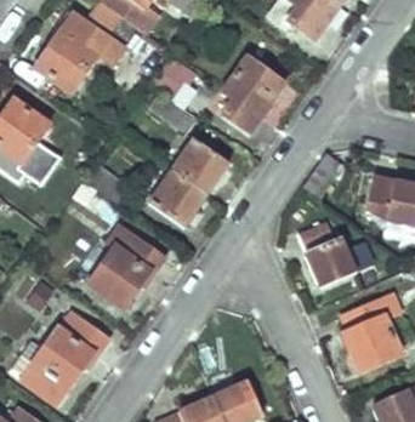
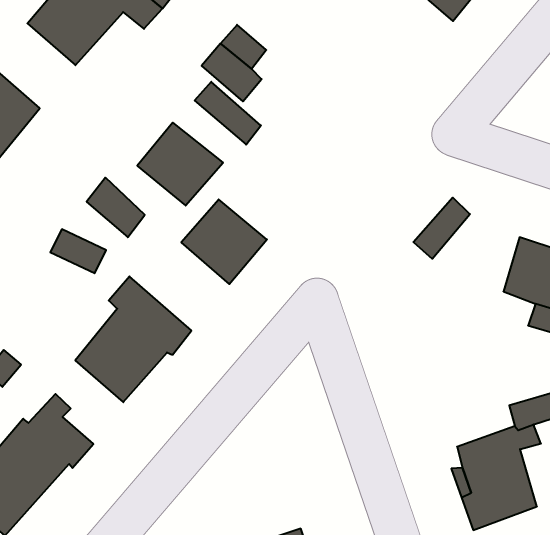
building: [222,57,283,130] -> none
building: [172,139,228,193] -> [137,123,223,206]
building: [297,221,356,286] -> none

